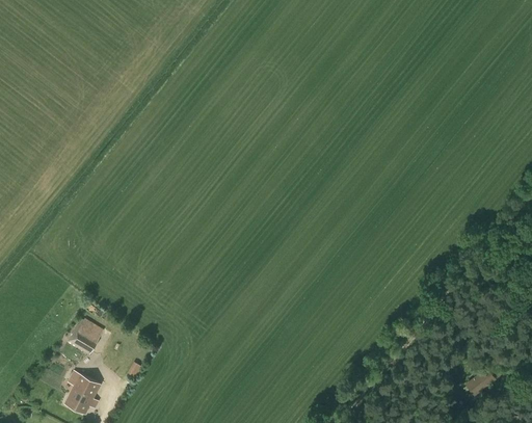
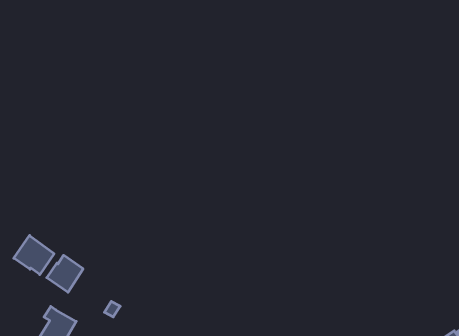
building: none -> [14,235,54,275]

